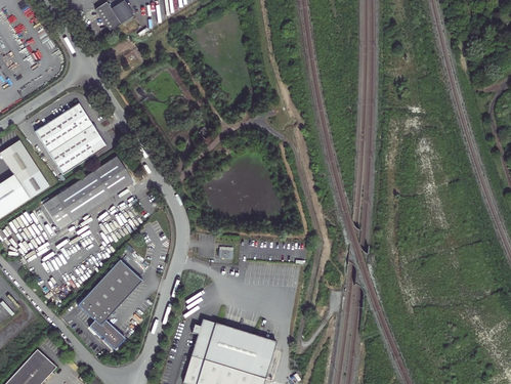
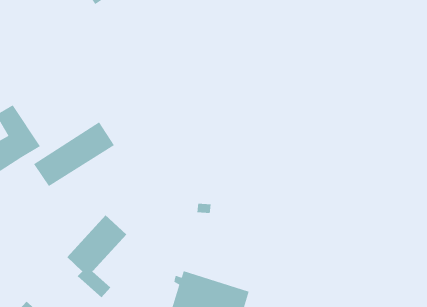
building: [34,103,104,175] -> none

